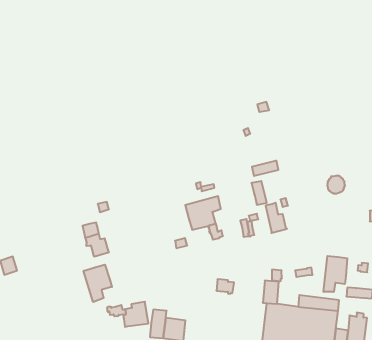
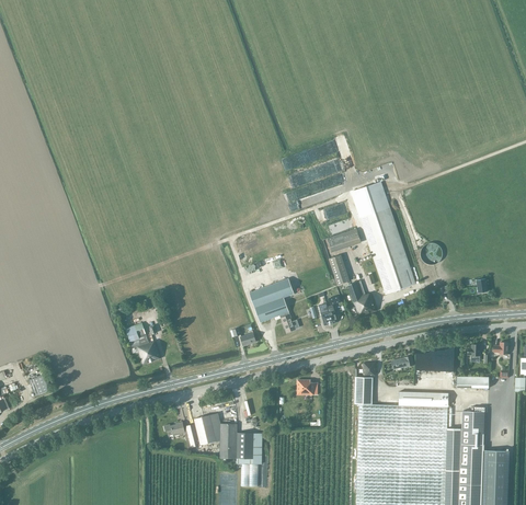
building: none -> [352,182,415,295]
building: [324,256,347,292] -> none
building: [84,265,112,302] -> none

